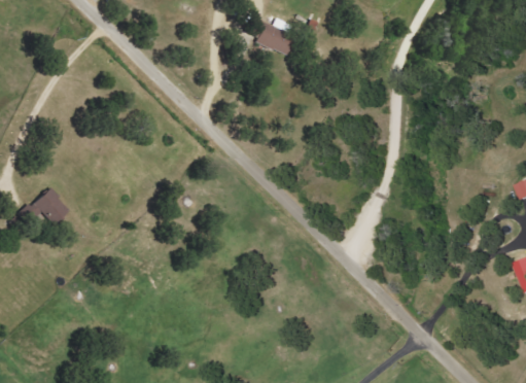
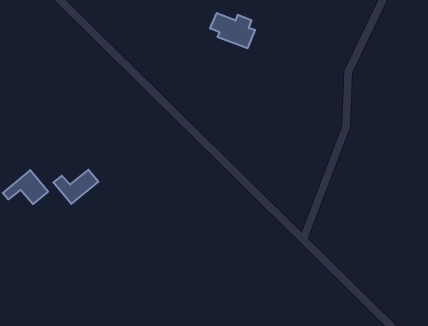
building: none -> [53,170,98,204]

